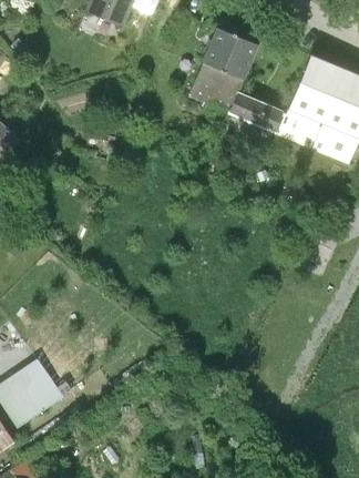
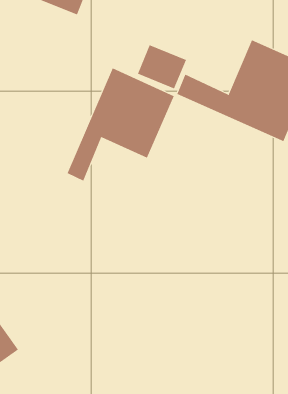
building: [201,33,256,83] -> none
building: none -> [67,68,174,181]

